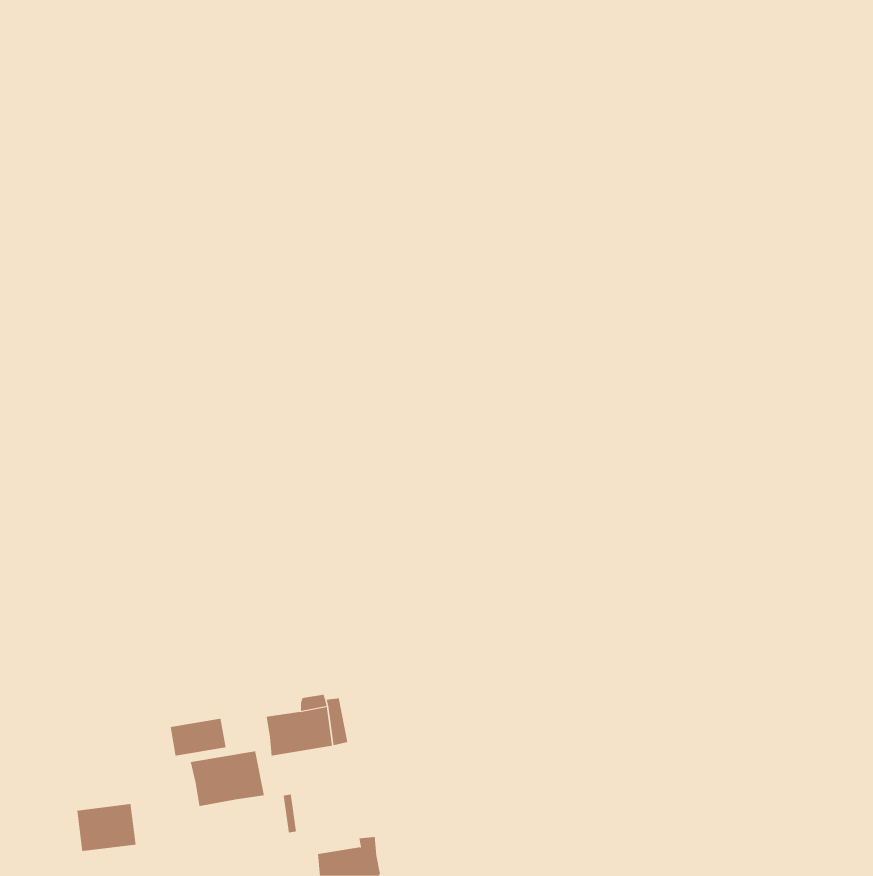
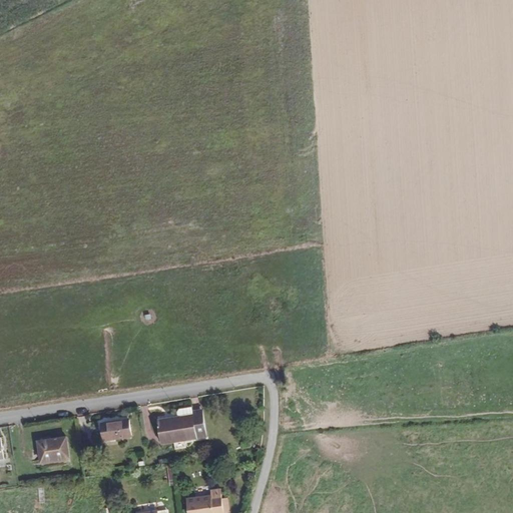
building: [190,751,265,807] -> none
building: [76,804,136,852] -> [35,437,70,465]

